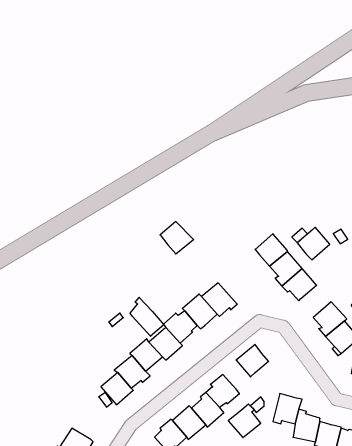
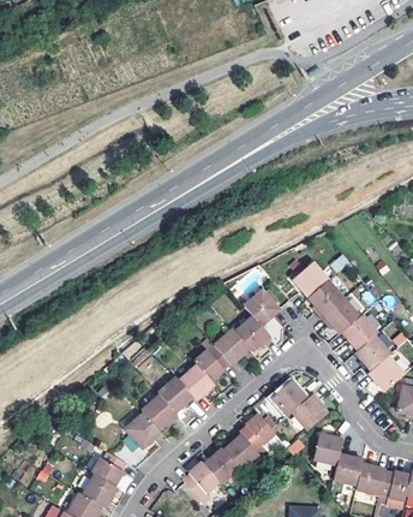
building: [160,222,194,254] -> [244,290,280,325]
building: [297,227,330,260] -> [341,315,376,350]
building: [130,297,164,336] -> none
building: [228,404,261,438] -> [292,393,327,429]
building: none -> [92,450,126,483]

